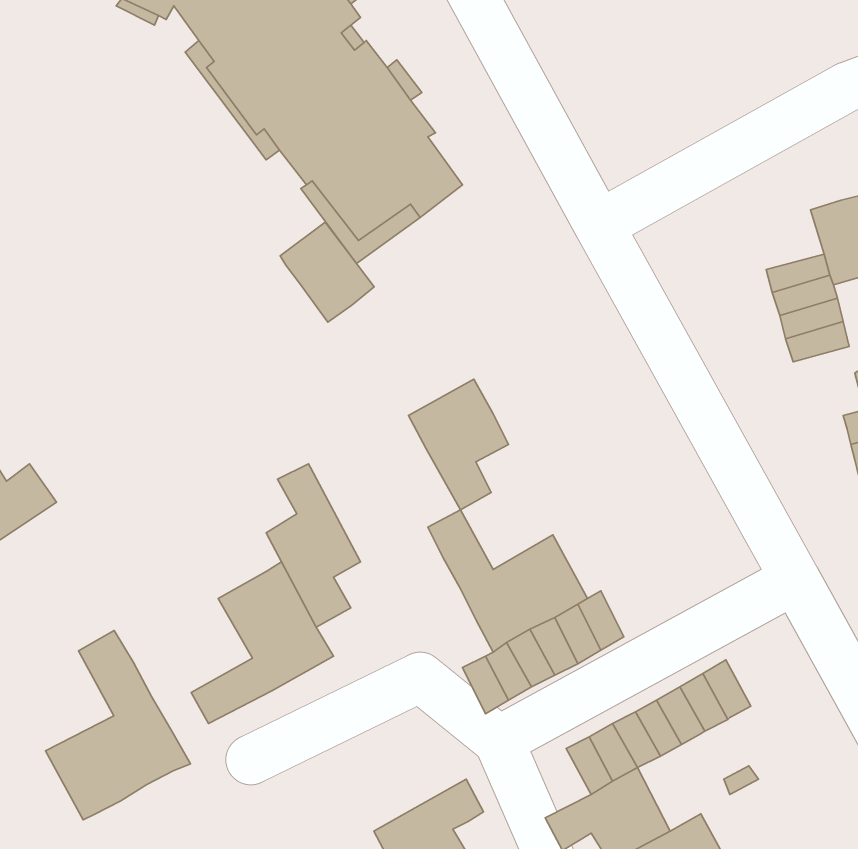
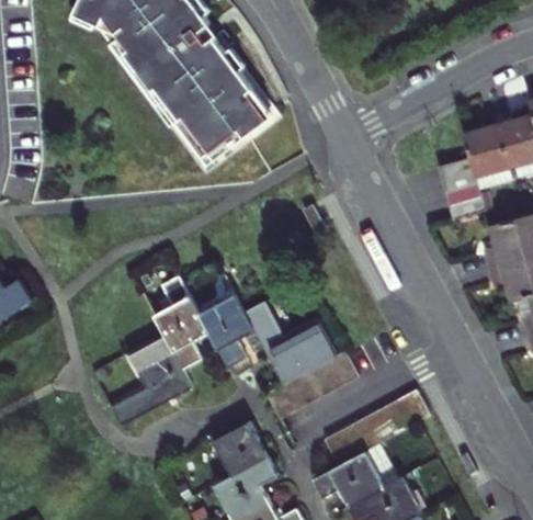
building: [280,222,374,322] -> none
building: [408,379,509,510] -> [197,293,254,368]
building: [45,630,190,820] -> none
building: none -> [213,421,268,476]

